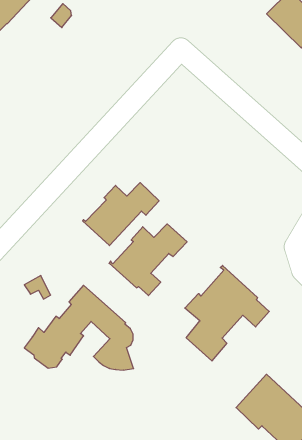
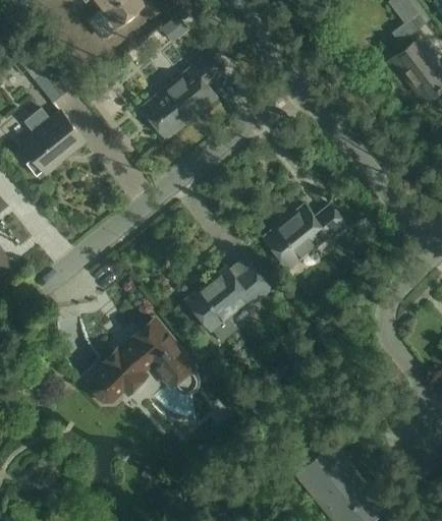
building: none -> [140,50,222,139]
building: [83,183,159,246] -> [263,205,347,268]
building: [185,265,269,361] -> none

